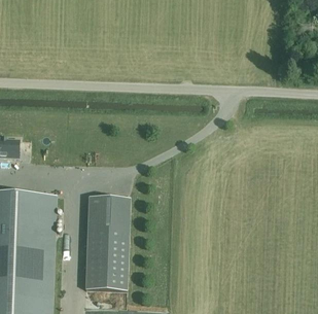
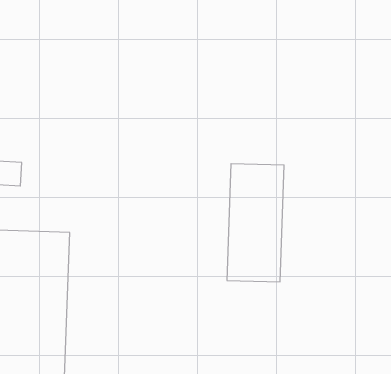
building: [84,196,130,289] -> [227,164,284,282]

